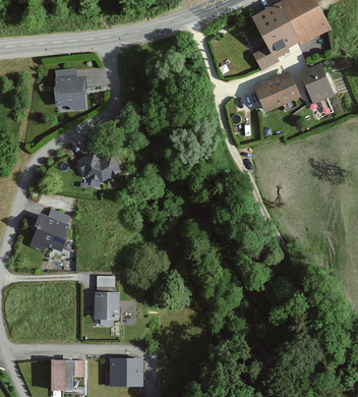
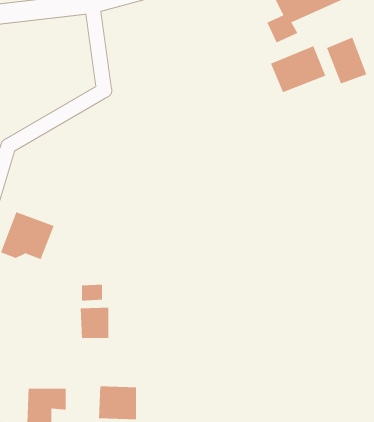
building: [54,69,84,111] -> none
building: [77,152,119,179] -> none

